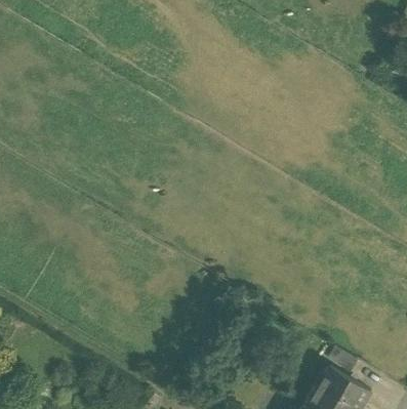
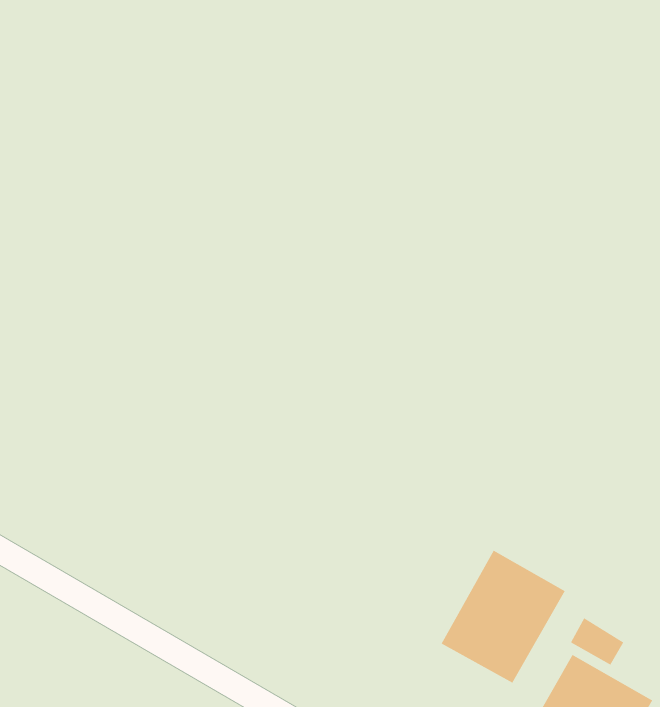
building: none -> [441,550,565,683]

